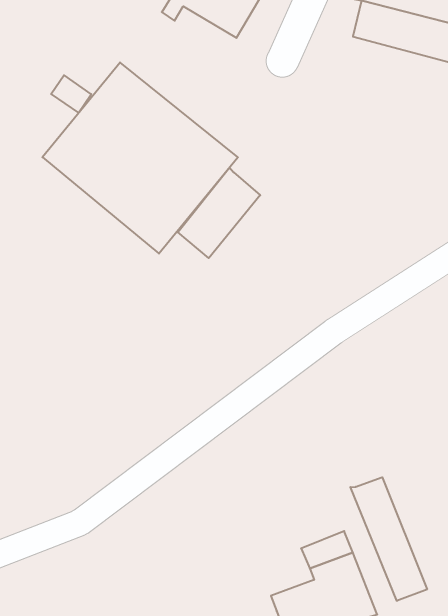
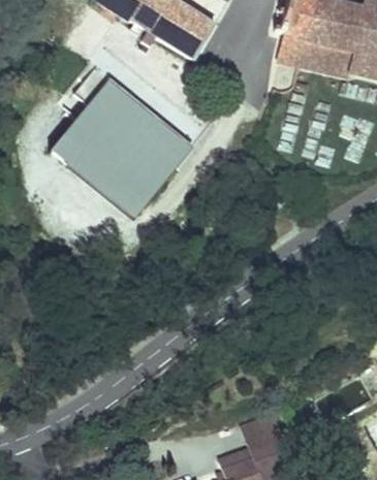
building: [178,168,260,258] -> none
building: [350,477,427,601] -> none

